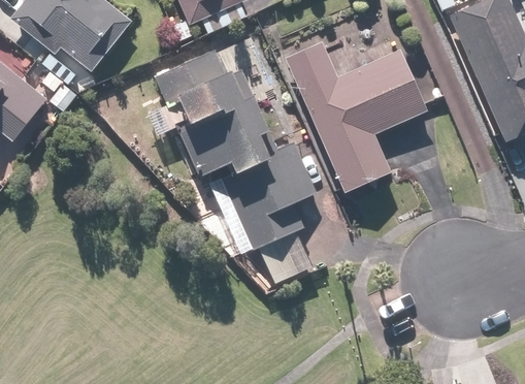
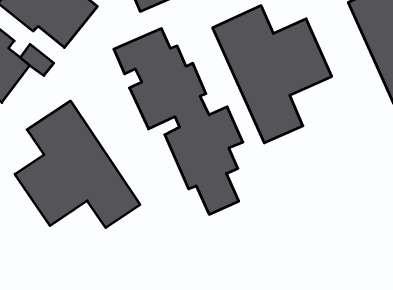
building: none -> [15,101,140,228]

